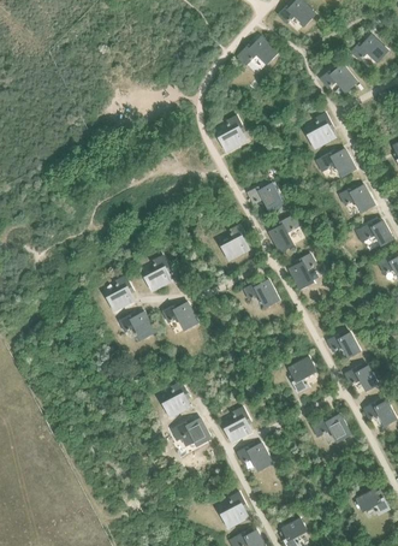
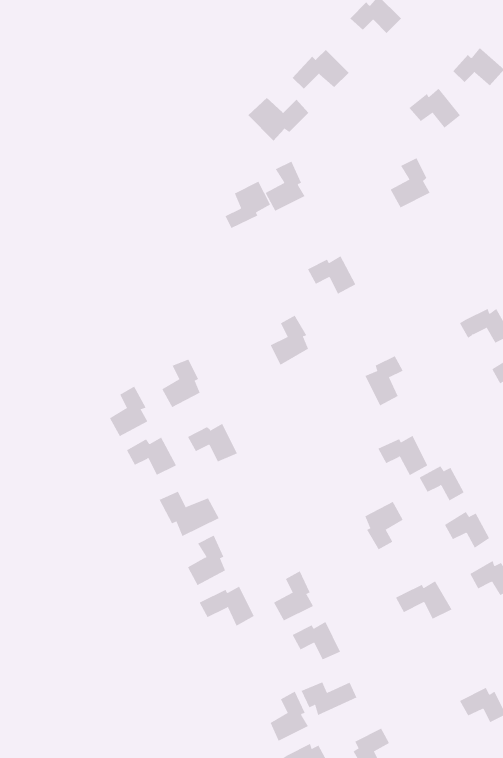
building: none -> [248,97,309,141]
building: none -> [225,181,271,229]
building: [315,149,356,177] -> none
building: [339,184,375,213] -> none
building: [268,214,301,253] -> none
building: [243,279,279,308] -> [377,435,428,476]
building: none -> [159,491,219,537]
building: none -> [301,682,357,716]

